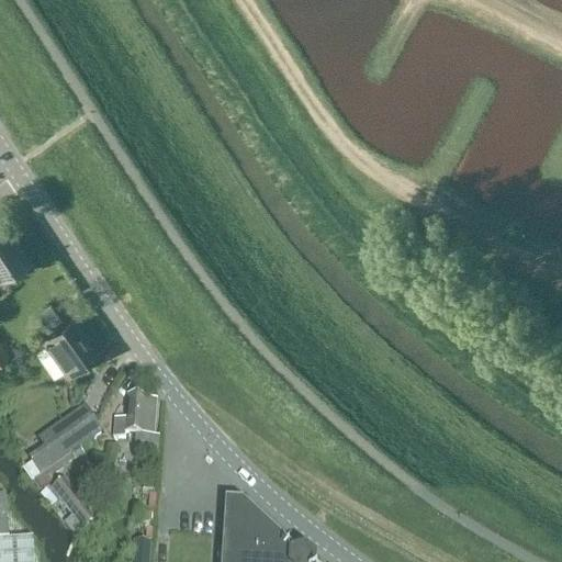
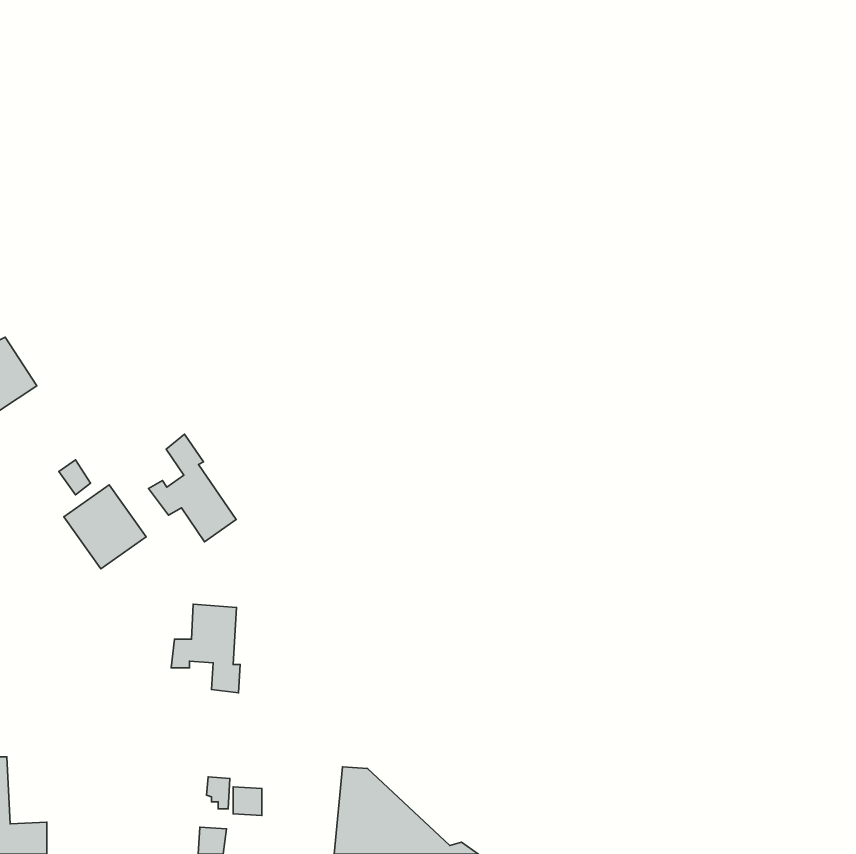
building: none -> [148,434,236,542]
building: [30,411,100,473] -> none
building: [50,477,94,535] -> none

